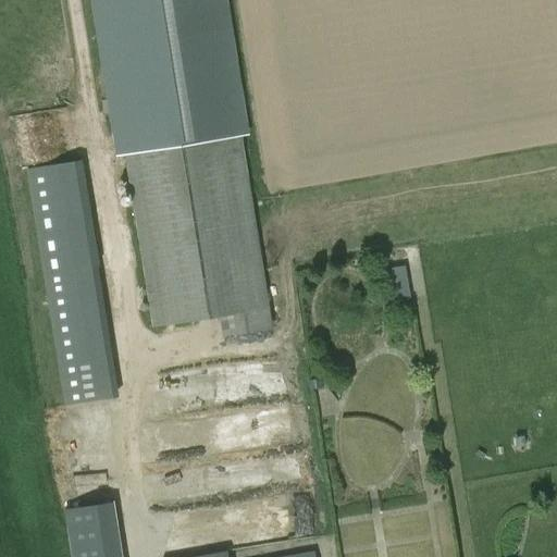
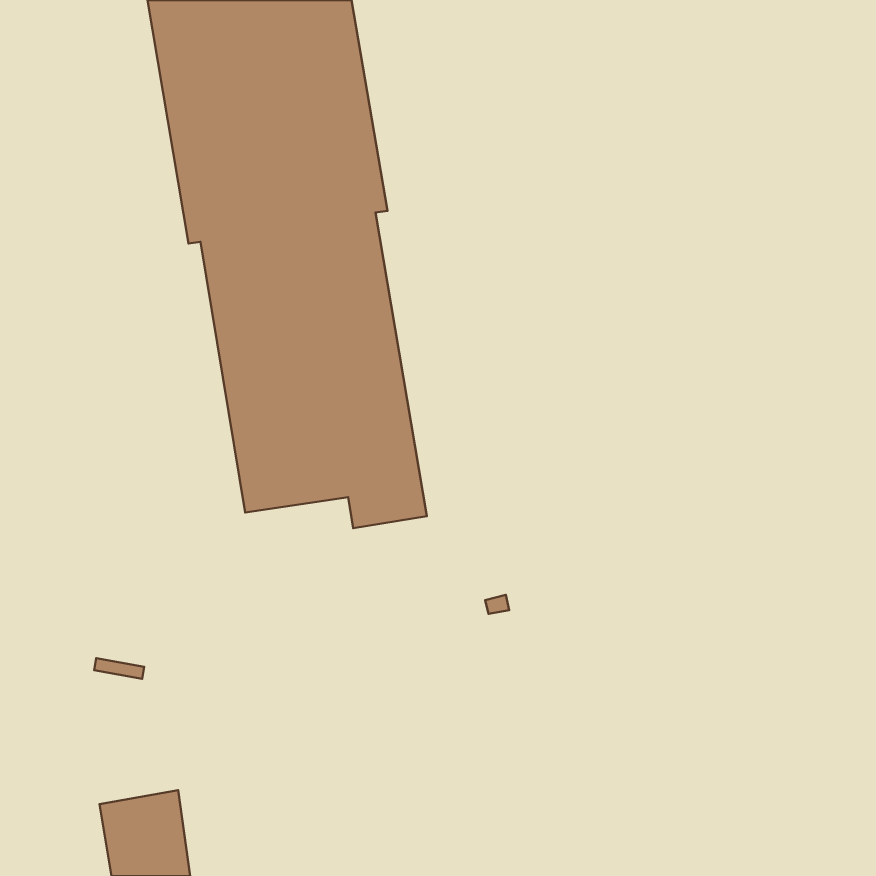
building: [26,160,120,406] -> none
building: [386,267,410,301] -> none

